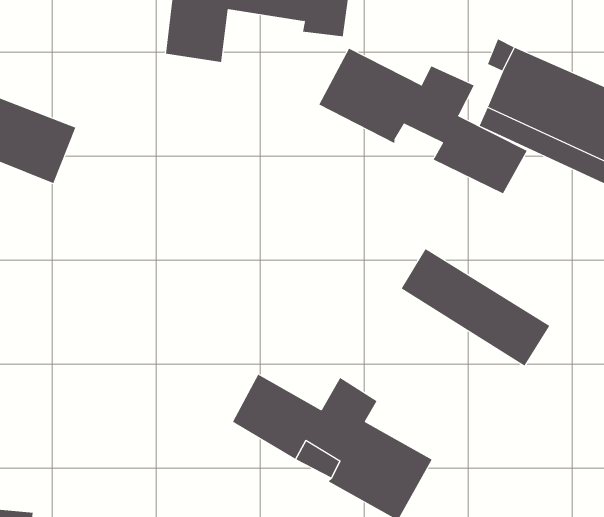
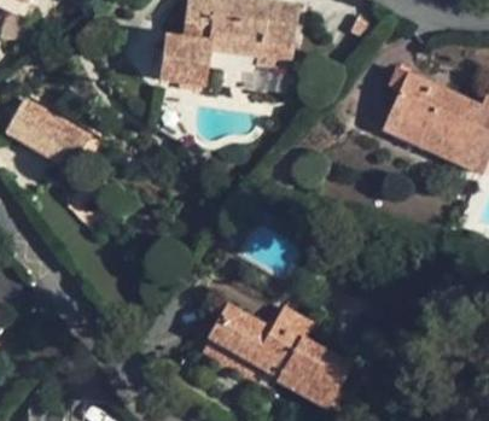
building: [318,48,528,194] -> none
building: [401,248,550,367] -> none

